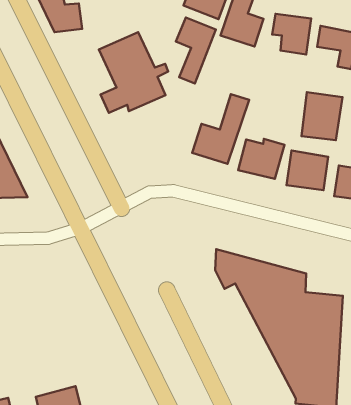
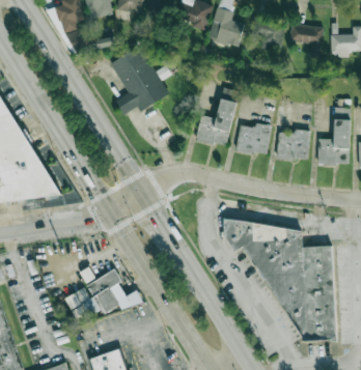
building: [176,17,216,84] -> none
building: [301,92,343,140] -> none
building: none -> [65,272,143,323]

